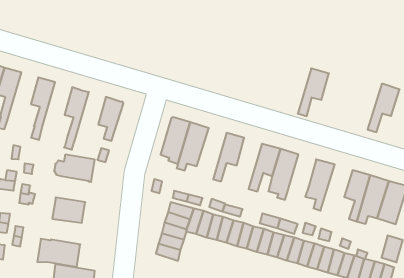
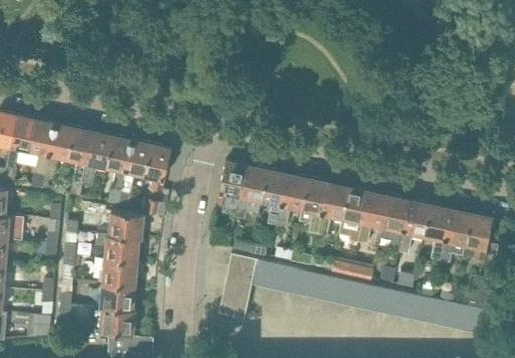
building: [298,68,329,116] -> [358,193,389,246]
building: none -> [44,125,74,178]
building: none -> [82,133,113,187]
building: [368,84,400,132] -> [398,201,431,255]
building: none -> [118,141,151,208]
building: none -> [261,171,288,227]
building: none -> [299,179,328,235]
building: none -> [96,235,139,263]
building: none -> [100,285,135,311]

